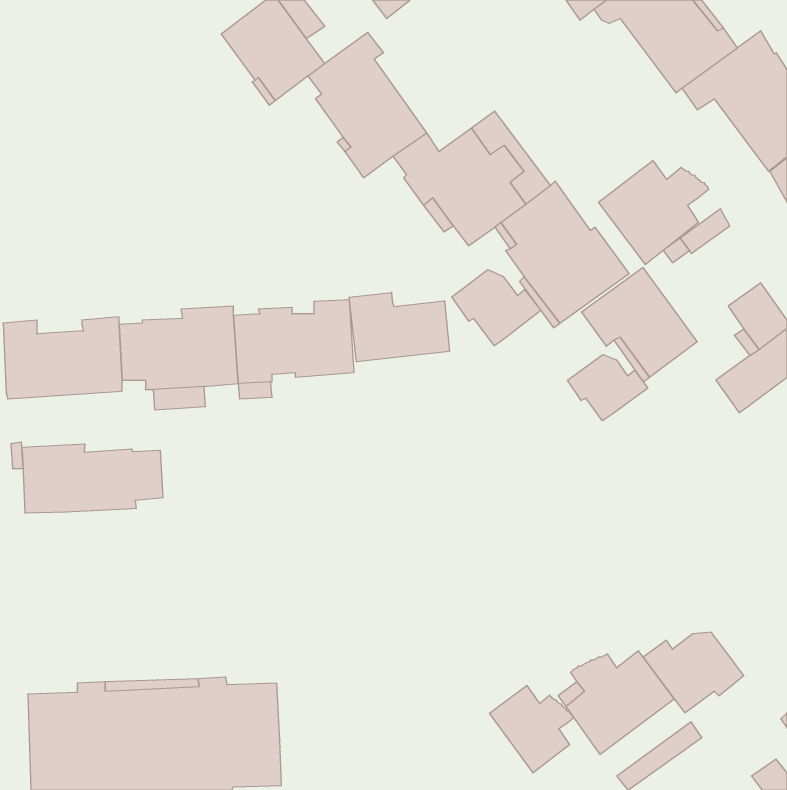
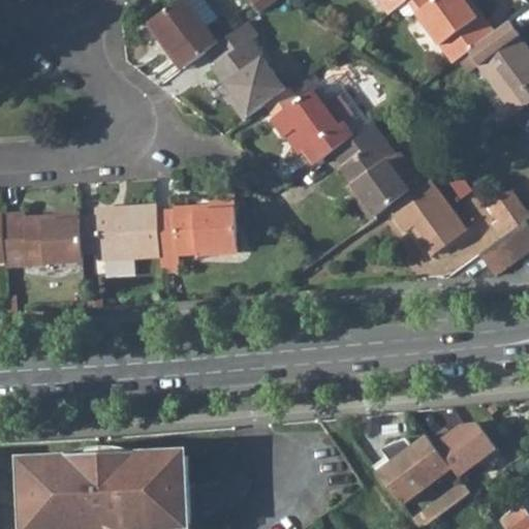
building: [599,161,709,265] -> none
building: [452,270,541,346] -> none
building: [349,292,450,362] -> none
building: [568,355,648,421] -> none
building: [22,444,163,513] -> none
building: [489,685,574,773] -> none

